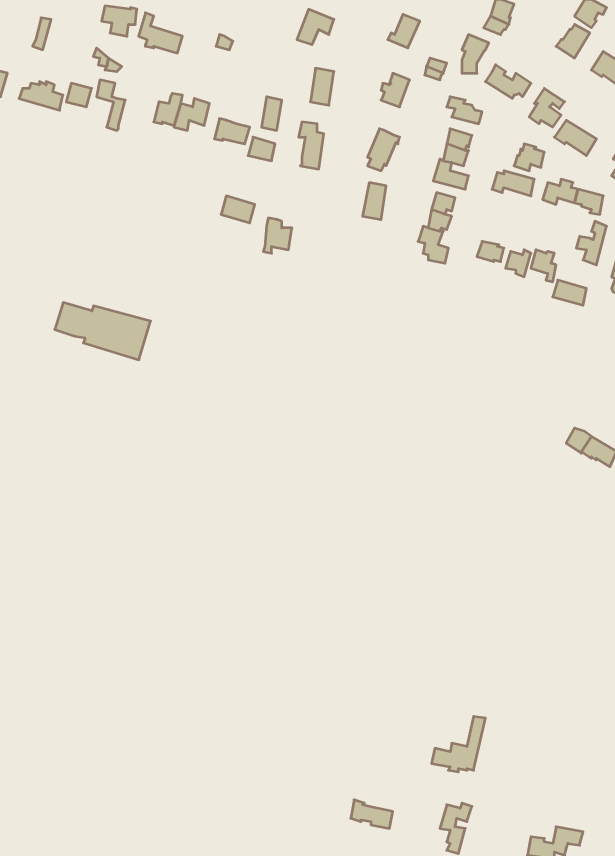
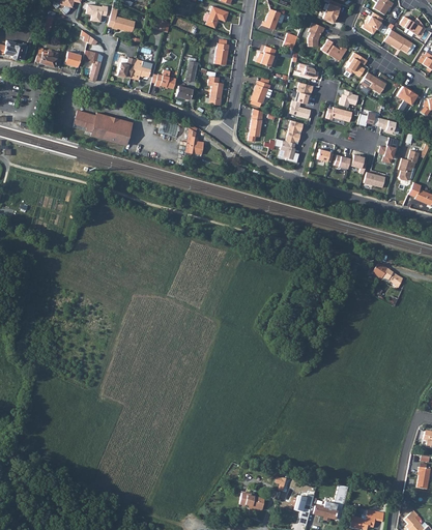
building: [55,303,151,360] -> [71,110,131,145]
building: [432,716,485,772] -> [313,487,346,521]

